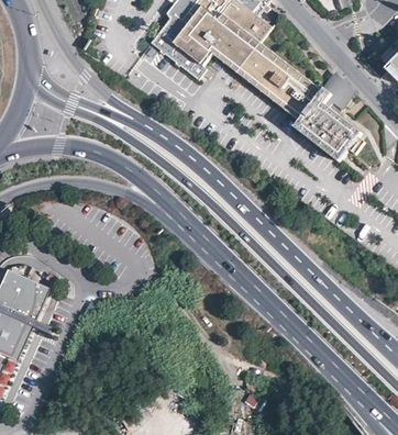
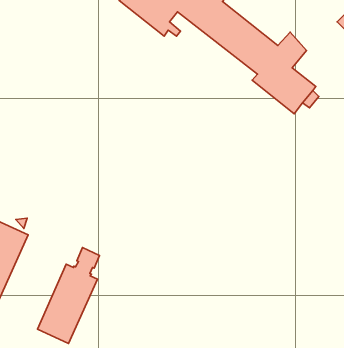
building: none -> [37,248,99,343]

